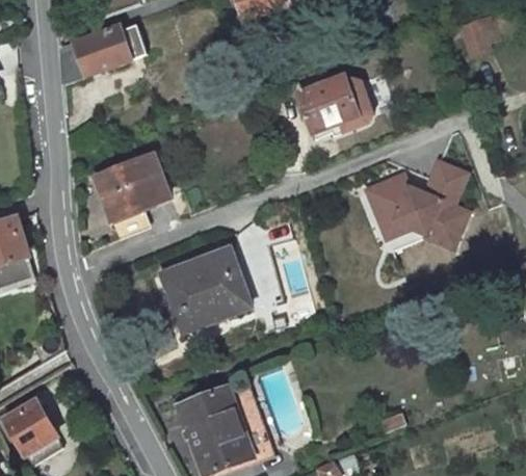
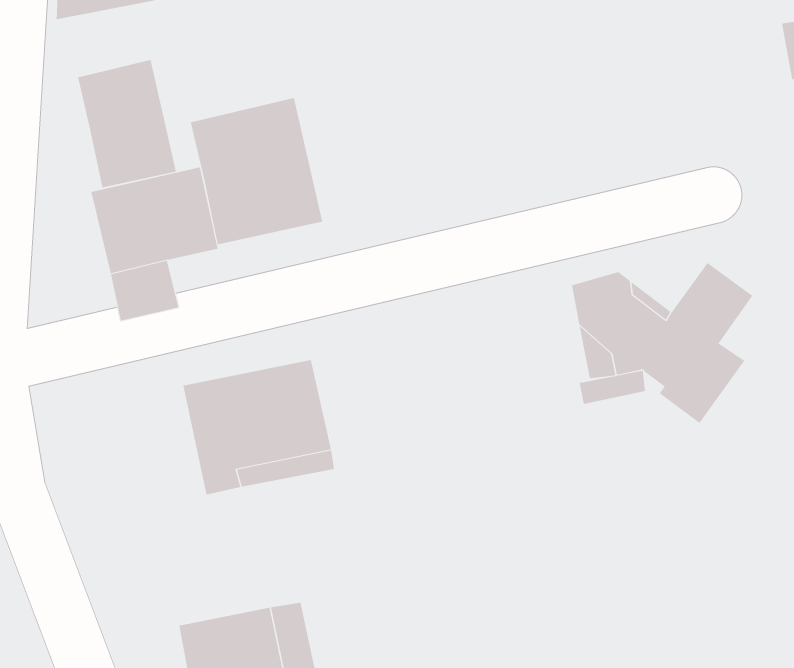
building: [298,75,360,135] -> none
building: none -> [77,59,176,188]
building: none -> [190,97,323,245]

